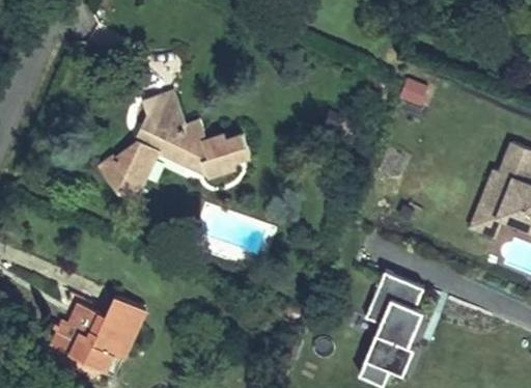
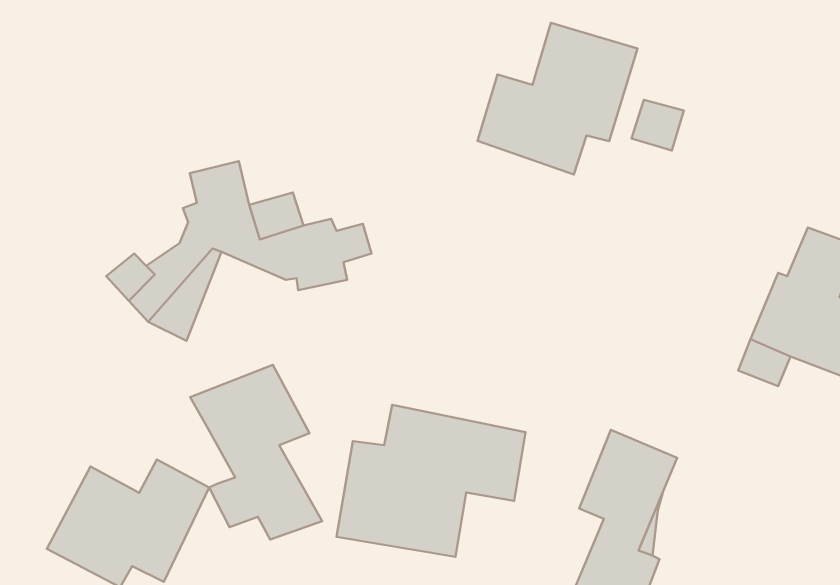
building: none -> [478,23,637,175]
building: none -> [190,365,322,540]
building: none -> [336,405,525,557]

